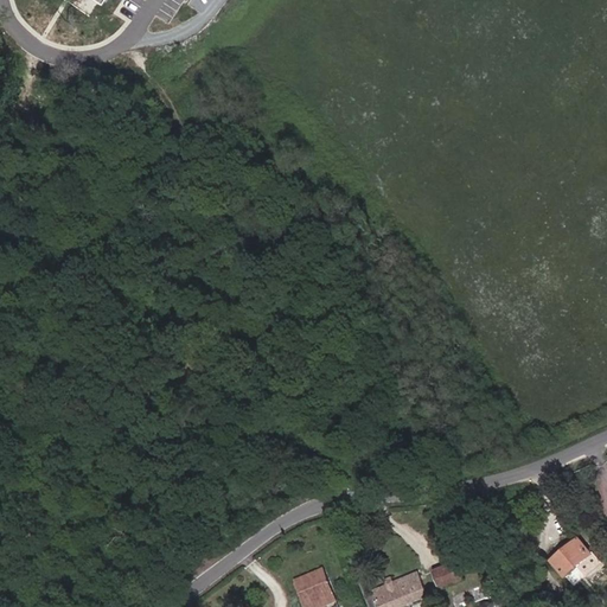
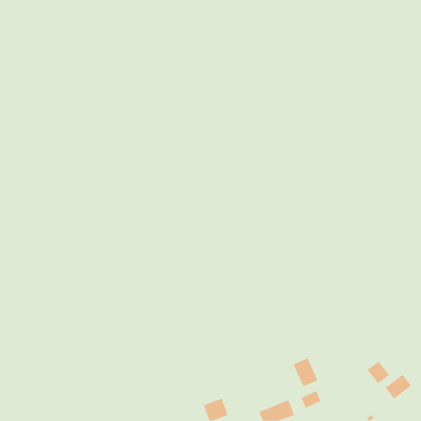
building: none -> [293,357,318,387]
building: none -> [367,361,390,384]

